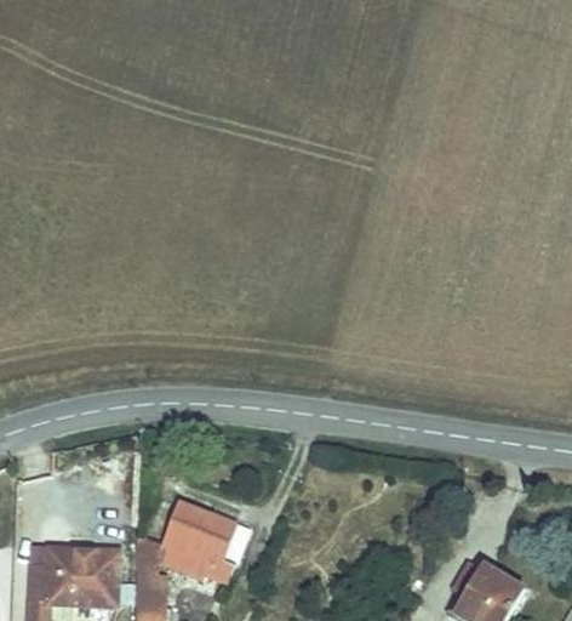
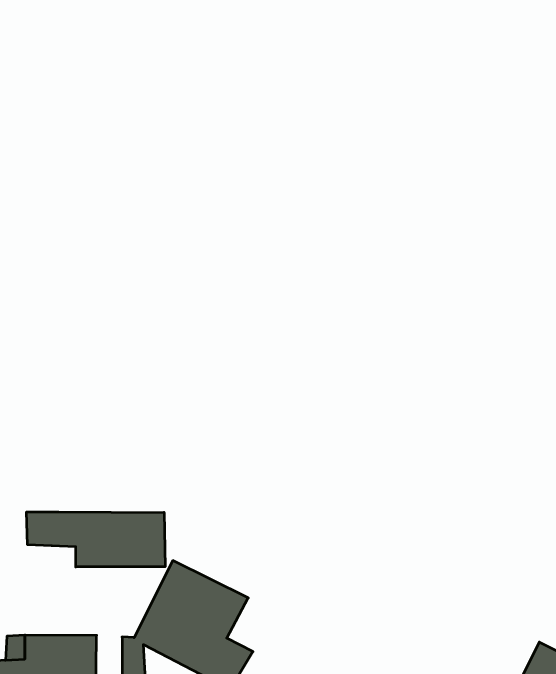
building: none -> [27,512,165,567]

